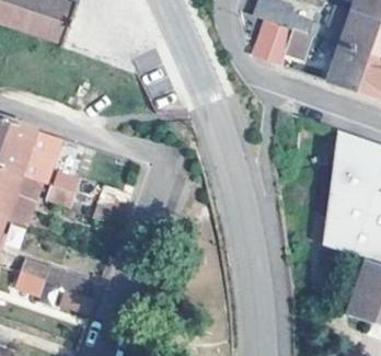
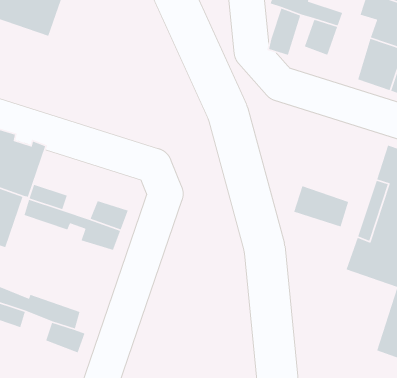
building: none -> [293,185,349,228]

